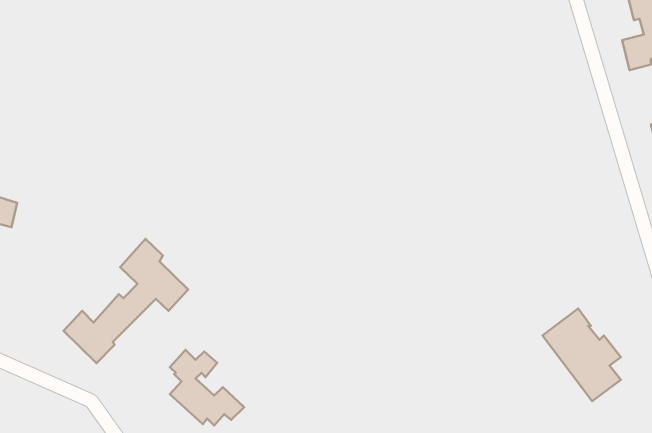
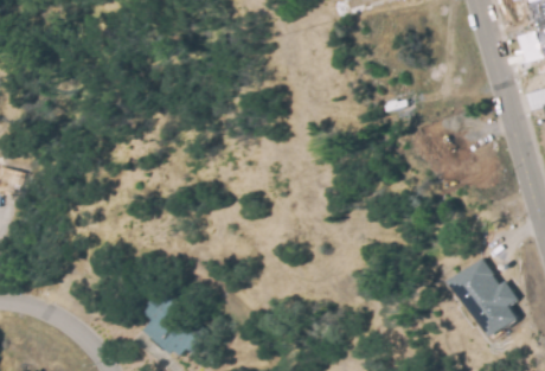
building: [63,239,188,363] -> none

